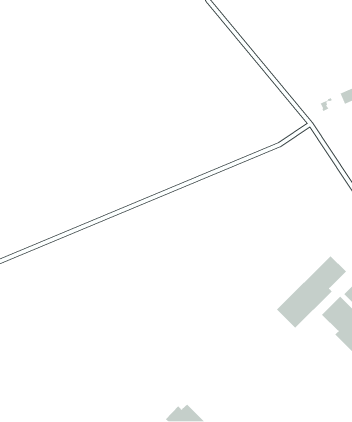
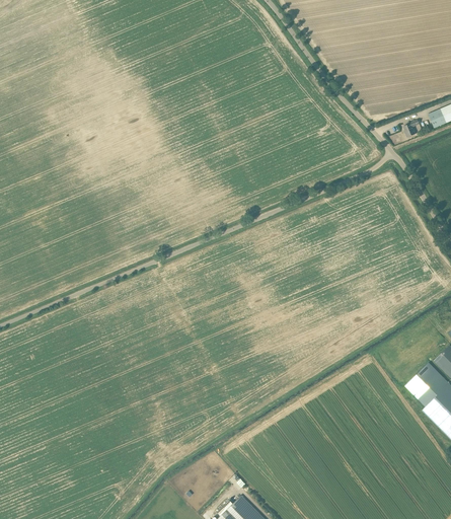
building: [276,255,347,329] -> none

